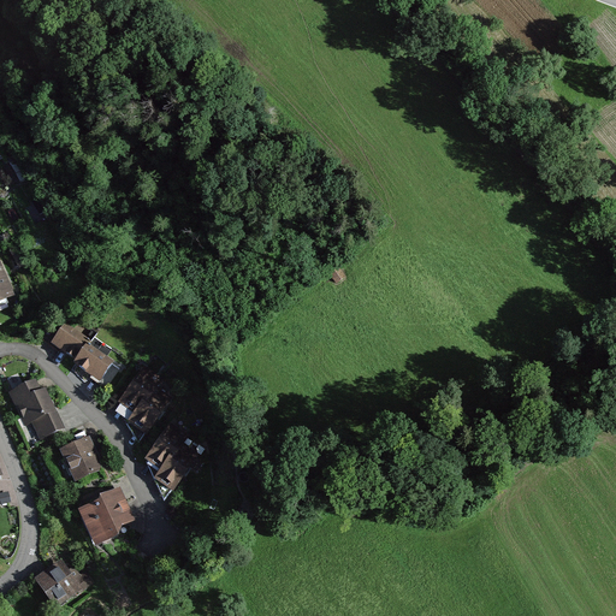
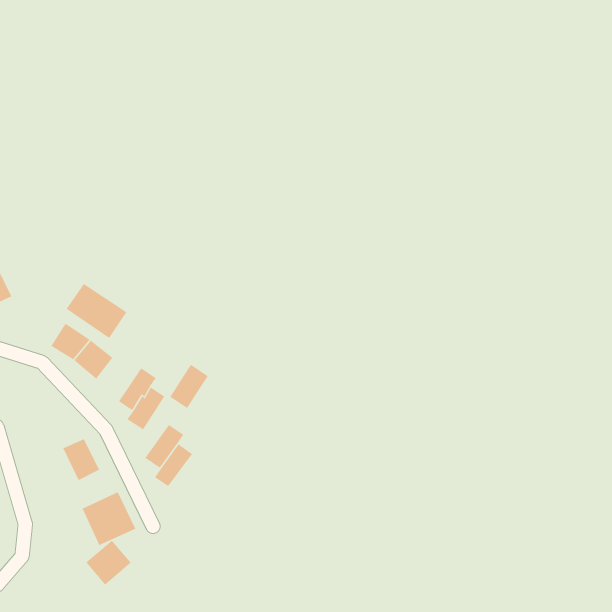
building: none -> [66,283,127,339]
building: none -> [169,364,209,409]
building: [8,380,64,443] -> none
building: [38,555,84,600] -> [86,540,131,586]

